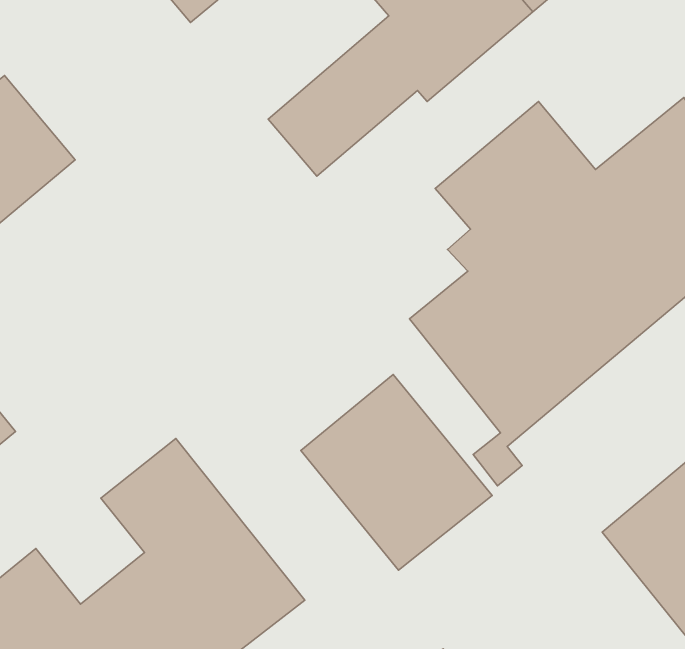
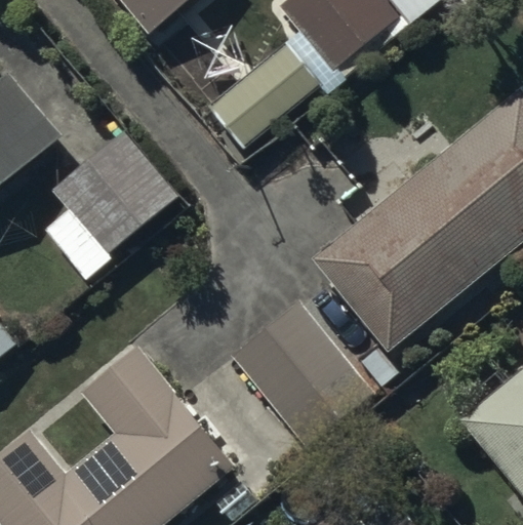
building: none -> [45,130,178,280]

